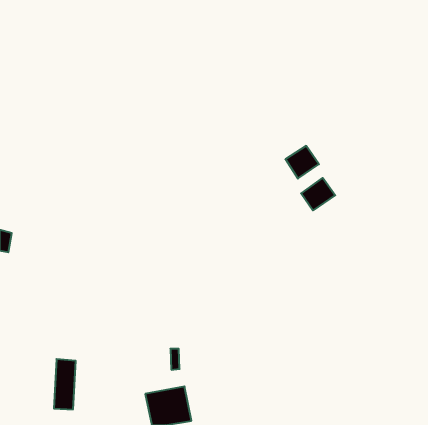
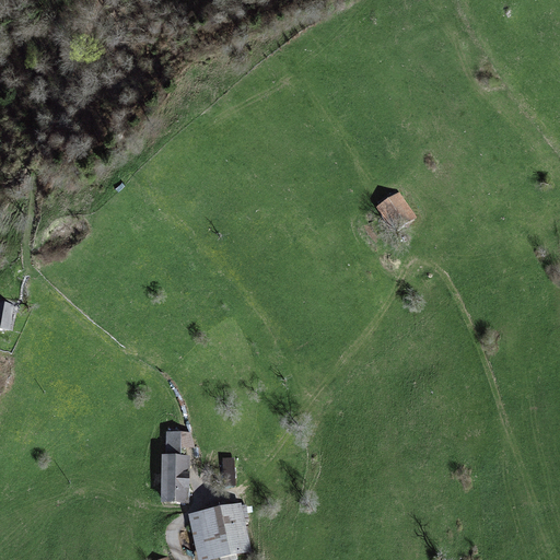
building: [301,178,335,210] -> none
building: [54,359,76,409] -> [161,430,189,495]

